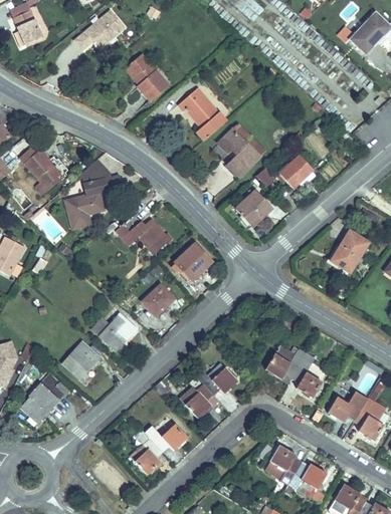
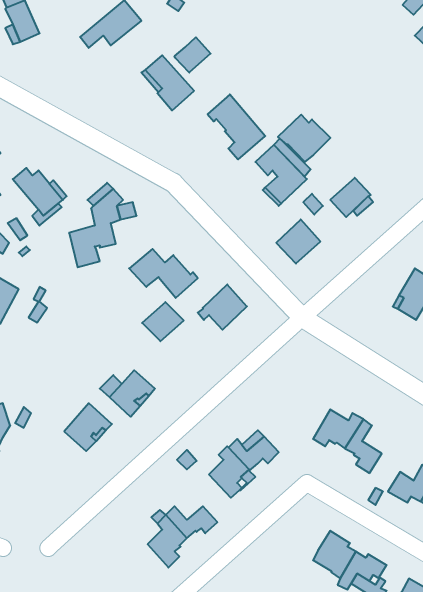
building: none -> [175,37,211,73]
building: none -> [278,115,330,162]
building: [141,284,175,316] -> [142,302,184,341]
building: [21,372,69,424] -> none

